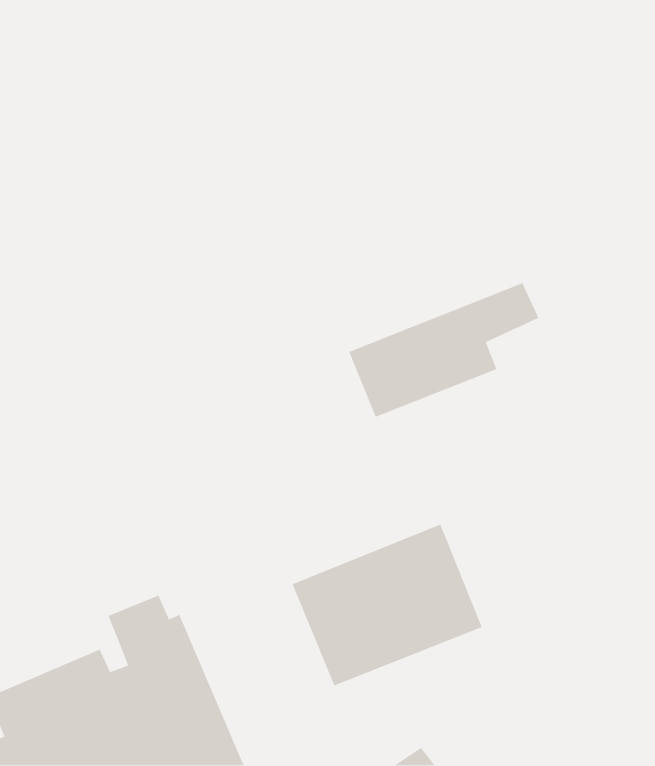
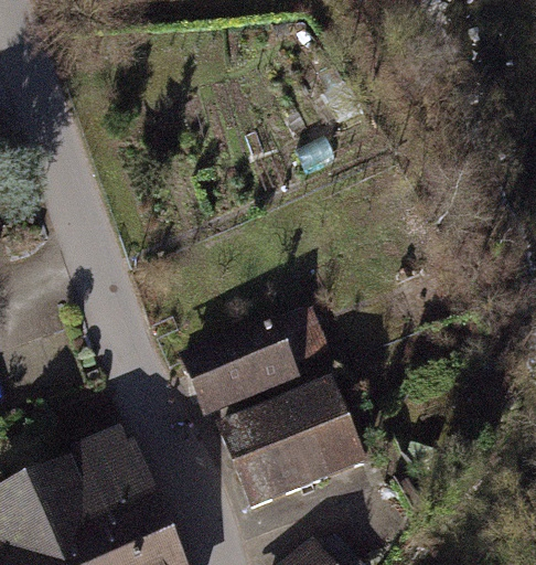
building: [348,282,540,418] -> [186,312,326,412]

